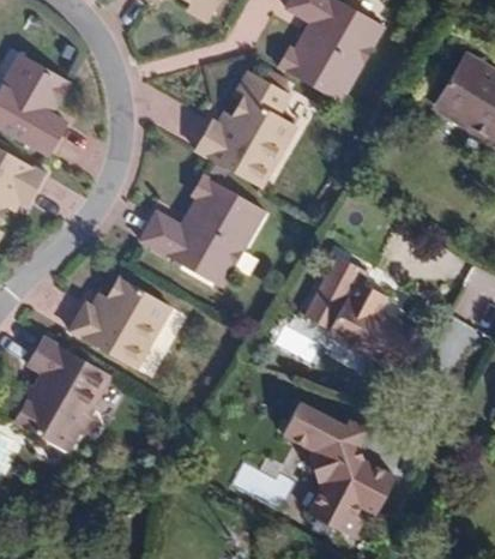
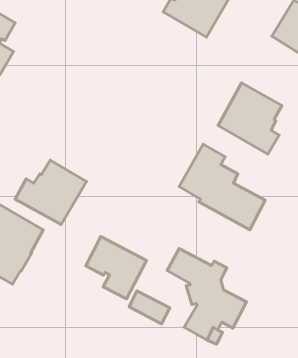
building: [195,74,295,186] -> none
building: none -> [218,83,282,154]
building: [139,174,265,287] -> none
building: none -> [86,236,147,299]

